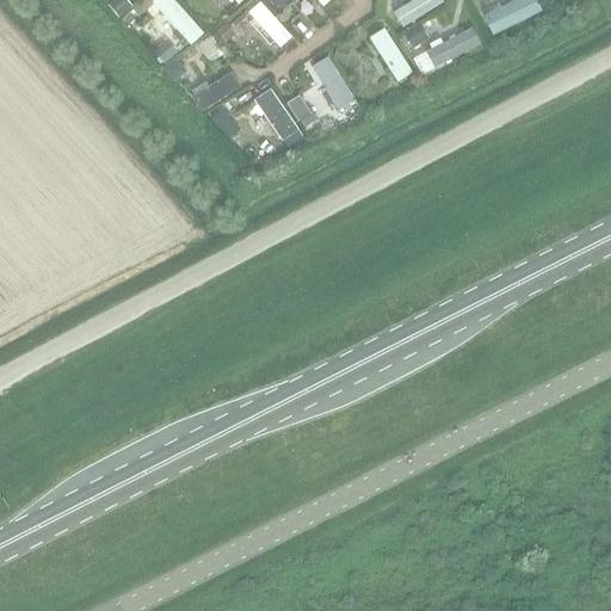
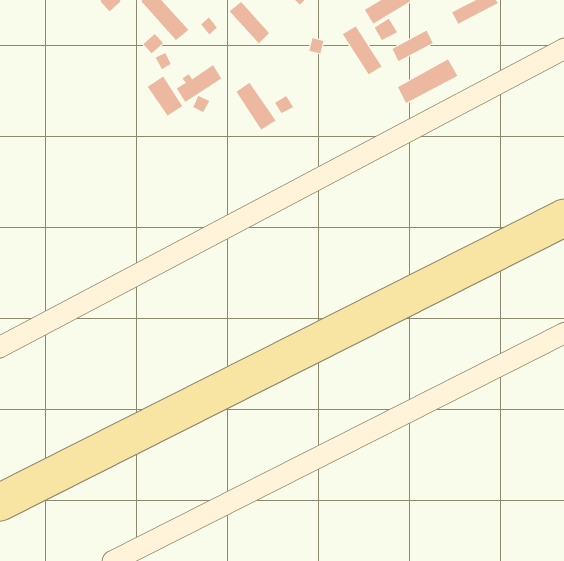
building: [313,58,357,112] -> none
building: none -> [397,59,458,104]
building: none -> [147,75,183,117]

